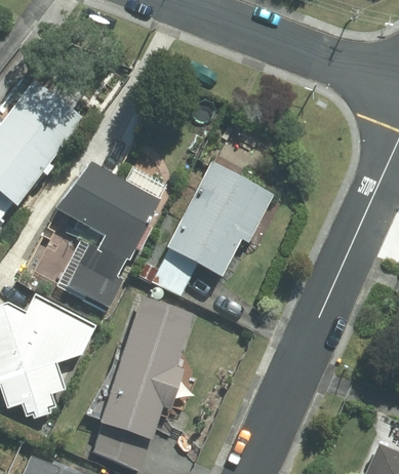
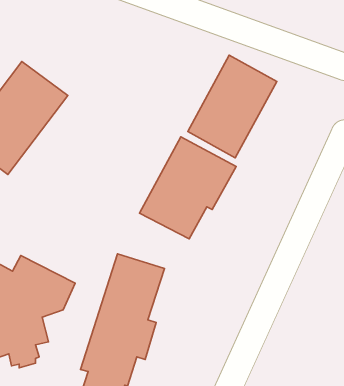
building: none -> [188,55,277,158]
building: [56,158,161,308] -> none

